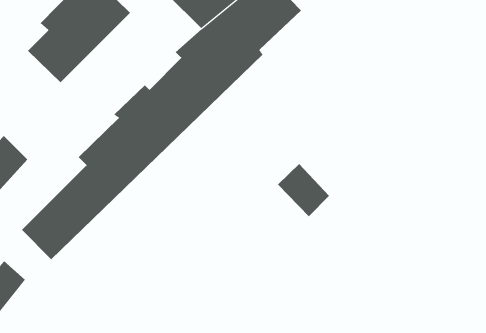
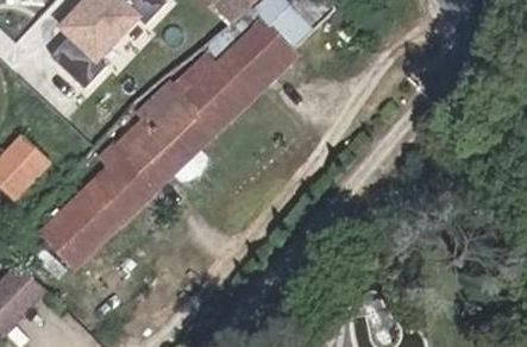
building: [277,163,330,217] -> none

